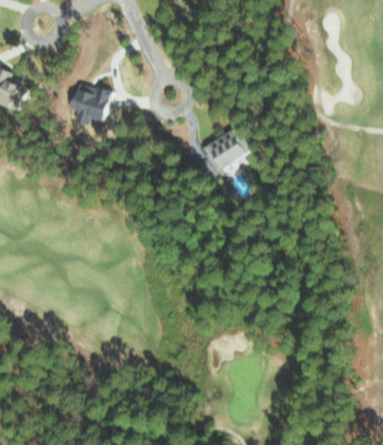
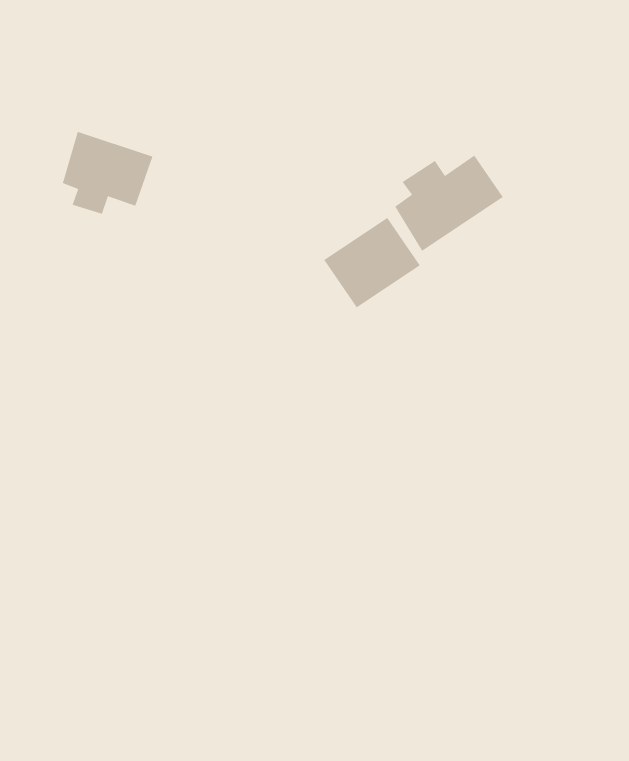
building: none -> [394,154,504,252]

